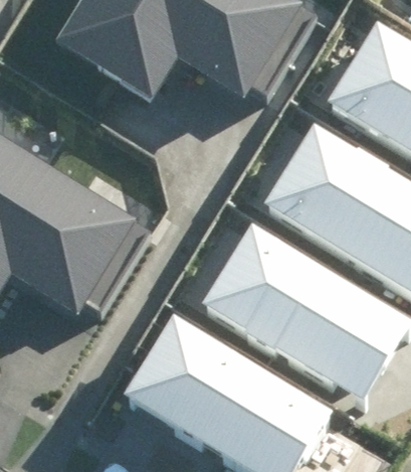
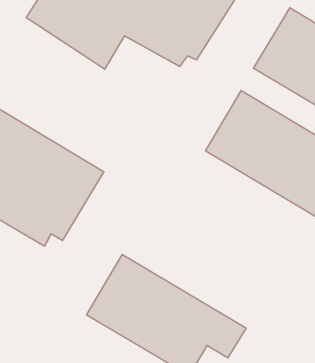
building: [207,233,401,380] -> none

